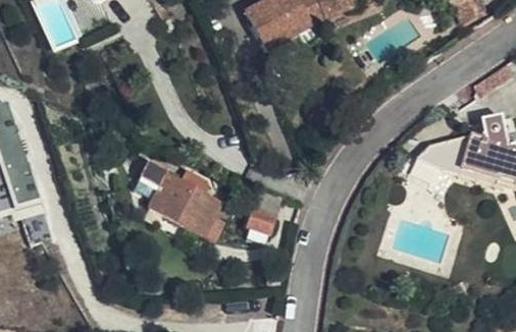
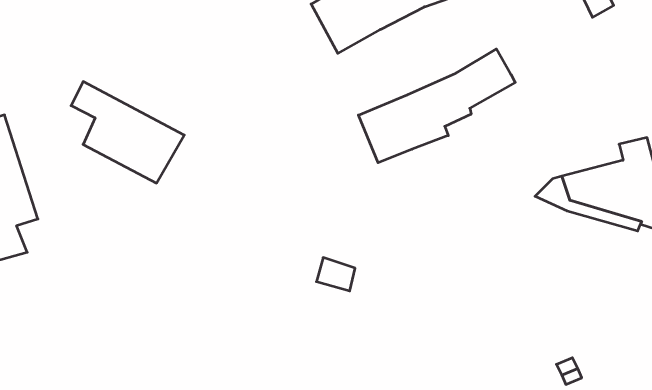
building: none -> [358,49,515,163]
building: [137,161,223,238] -> [71,82,184,183]

